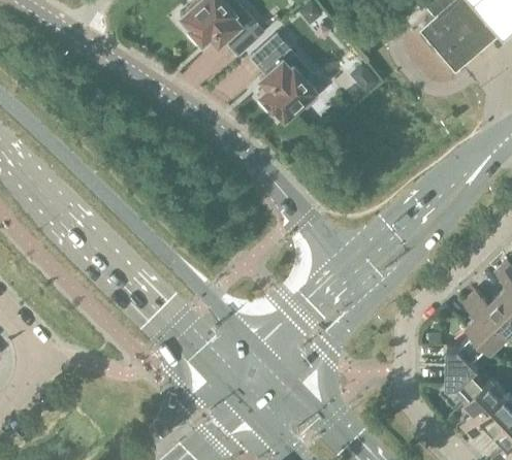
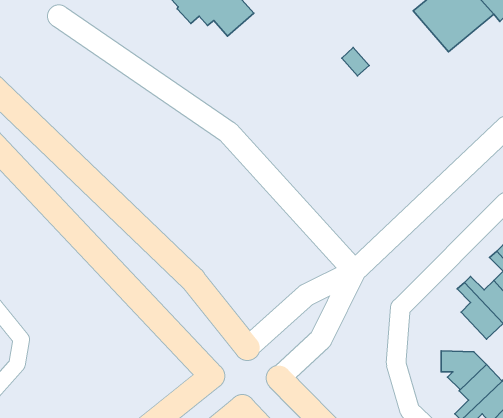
building: [250,35,317,120] -> none
building: [447,327,491,366] -> none

